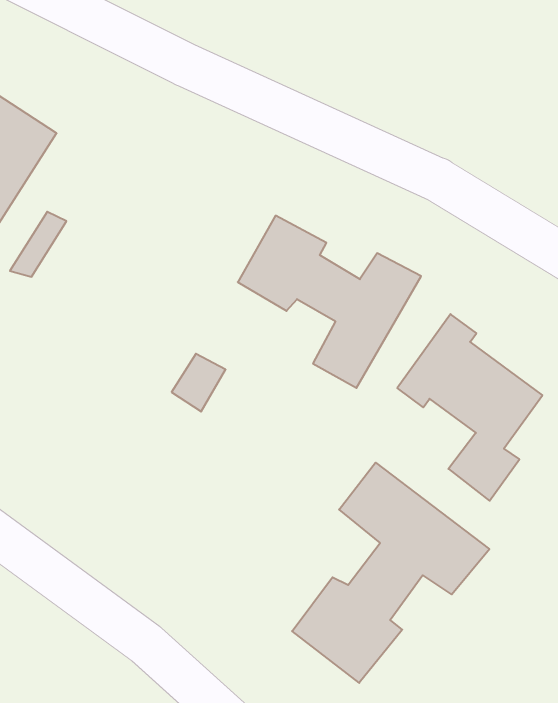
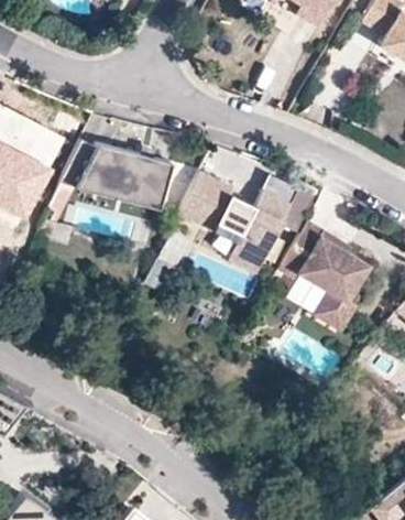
building: none -> [67,139,172,213]
building: [292,463,489,683] -> none

